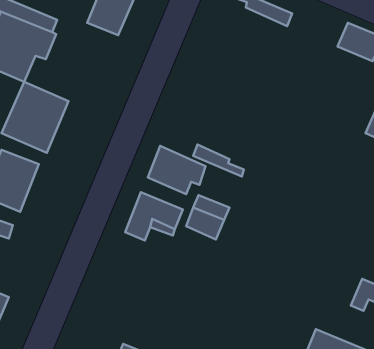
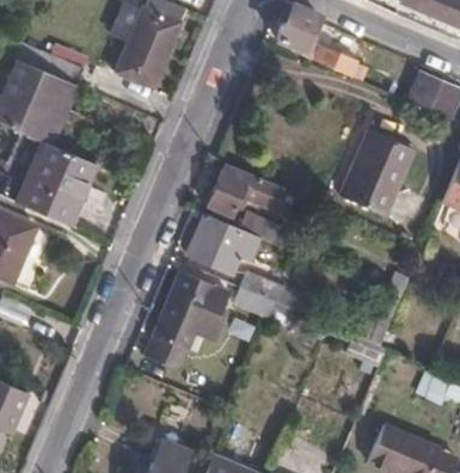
building: none -> [339,129,412,214]
building: none -> [200,162,293,219]
building: none -> [146,315,195,367]

